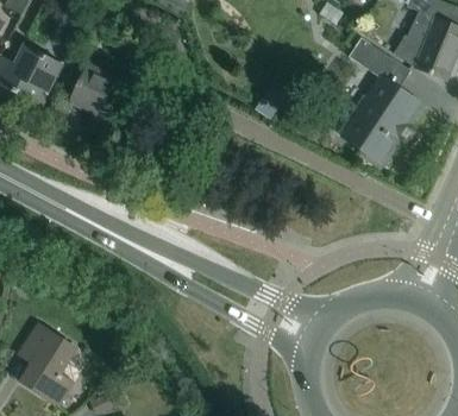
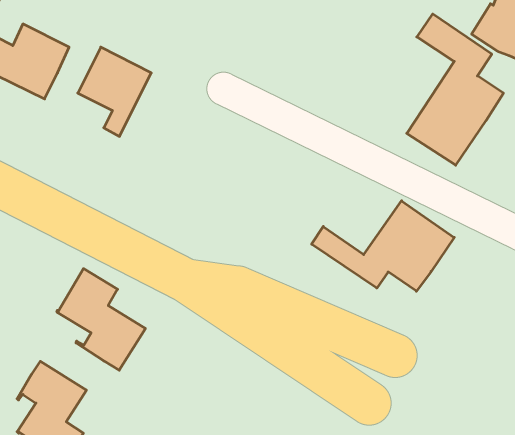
building: none -> [312,201,454,291]
building: none -> [57,269,145,370]

